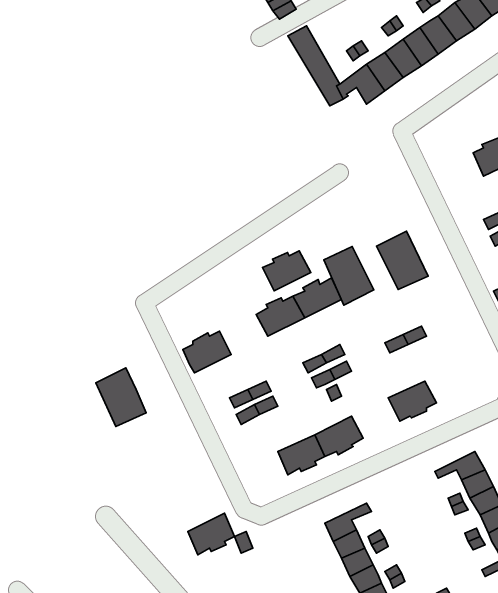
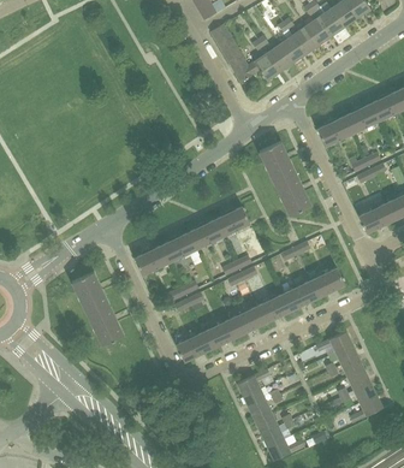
building: none -> [317,115,351,144]
building: [324,247,374,305] -> [260,141,296,183]
building: [262,251,311,291] -> [161,232,196,261]
building: none -> [309,267,344,296]
building: none -> [256,292,291,321]
building: none -> [87,303,124,345]
building: [188,513,235,555] -> [177,331,210,361]

